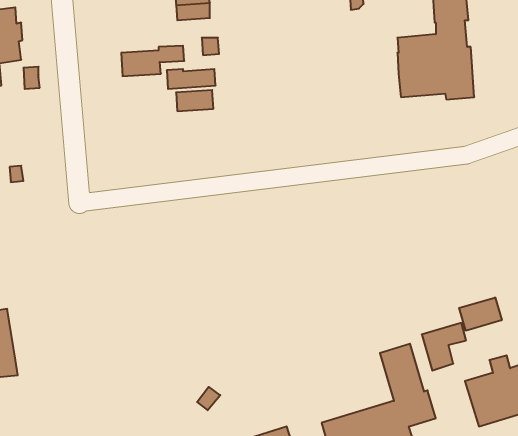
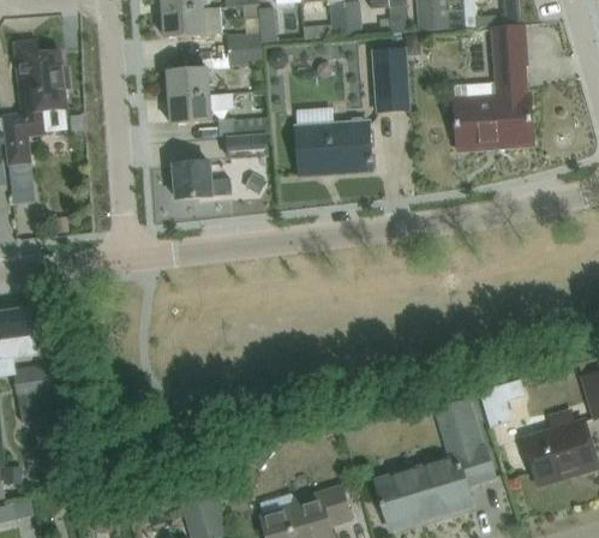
building: none -> [371,49,406,112]
building: none -> [167,67,208,98]
building: none -> [296,118,371,174]
building: none -> [173,162,232,198]
building: [459,297,502,331] -> none

